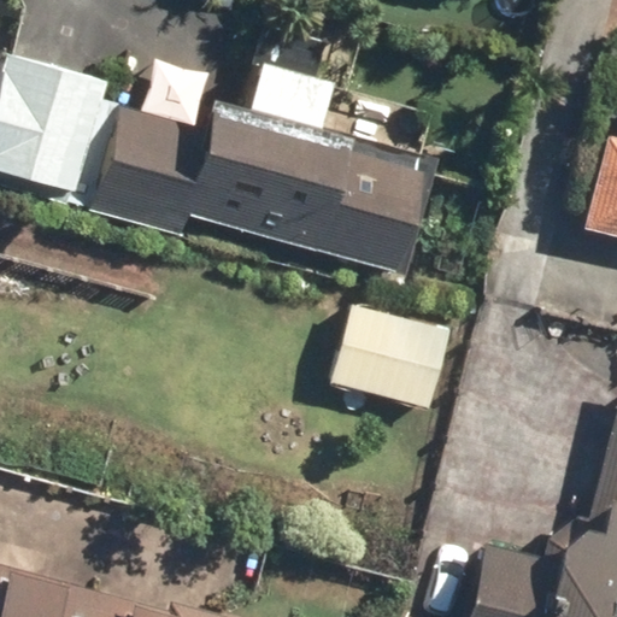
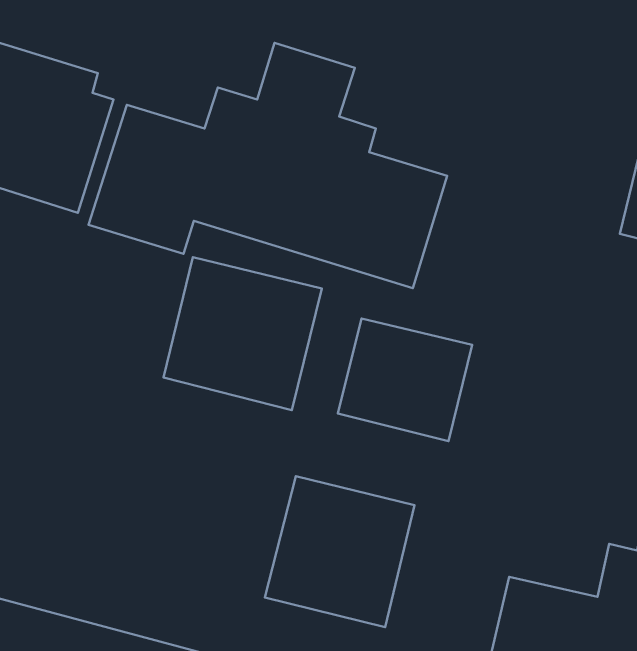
building: none -> [164,257,322,410]
building: none -> [265,476,415,627]

